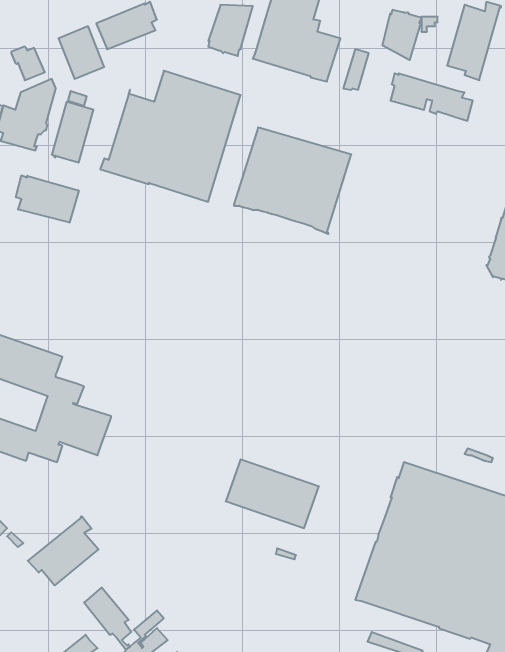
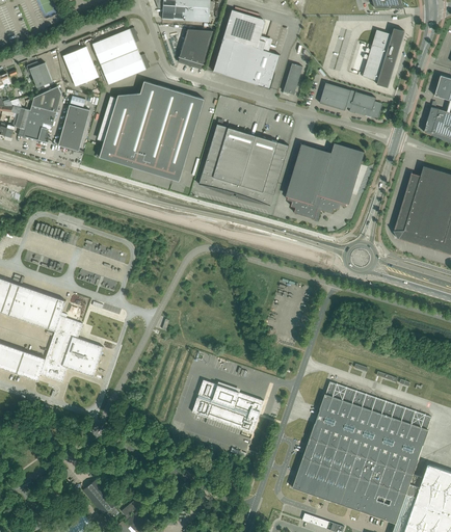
building: [383,10,421,60] -> none
building: none -> [101,49,151,84]
building: none -> [287,142,365,218]
building: [16,175,79,223] -> none
building: [28,516,99,585] -> none

